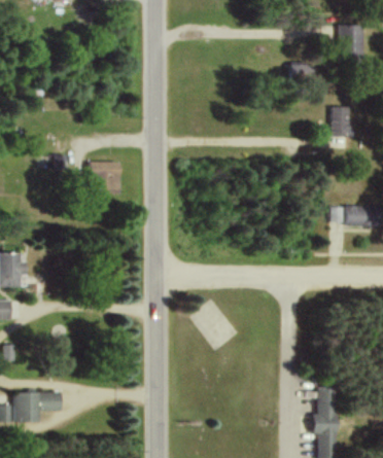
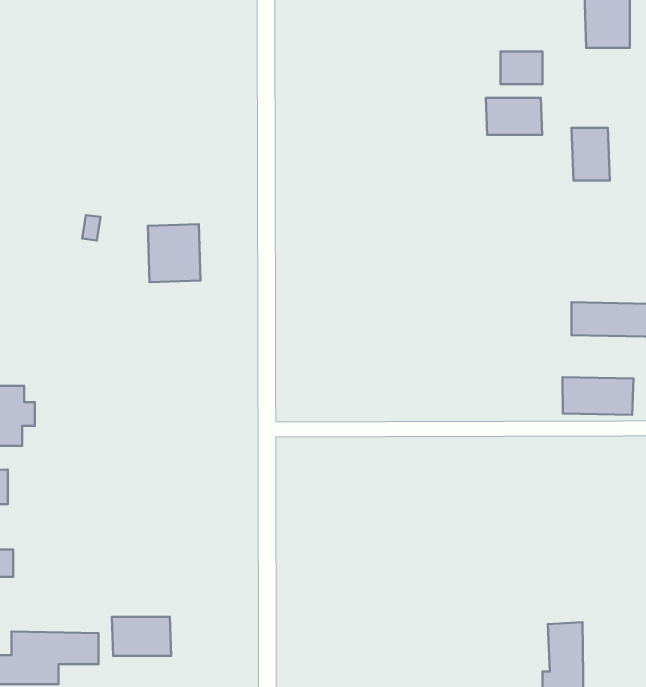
building: none -> [486,98,542,135]
building: none -> [563,377,633,415]
building: none -> [112,617,171,656]

